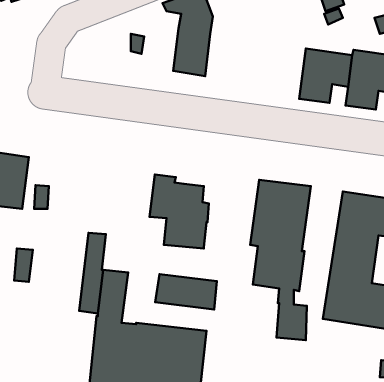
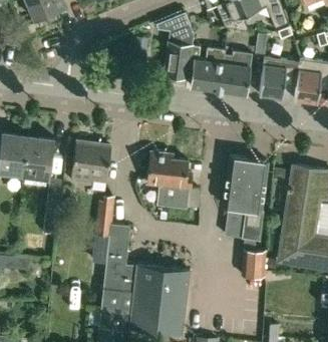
building: none -> [192,47,253,94]
building: none -> [71,141,112,185]
building: [155,274,217,310] -> none

